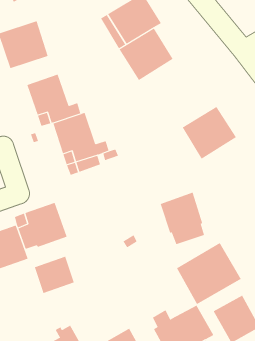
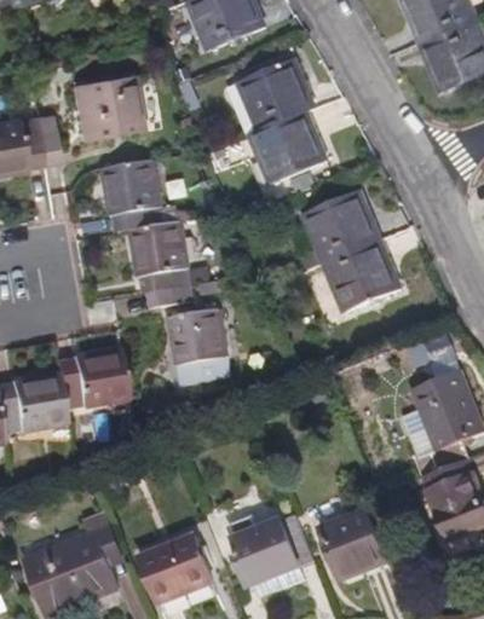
building: none -> [298,189,374,261]
building: [160,192,205,245] -> [169,306,227,378]
building: [176,242,242,305] -> none
building: [34,256,74,294] -> none

